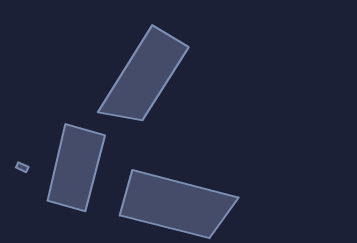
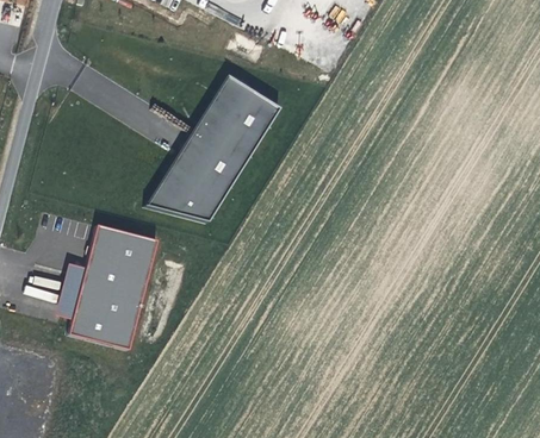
building: [120,170,239,238] -> none

